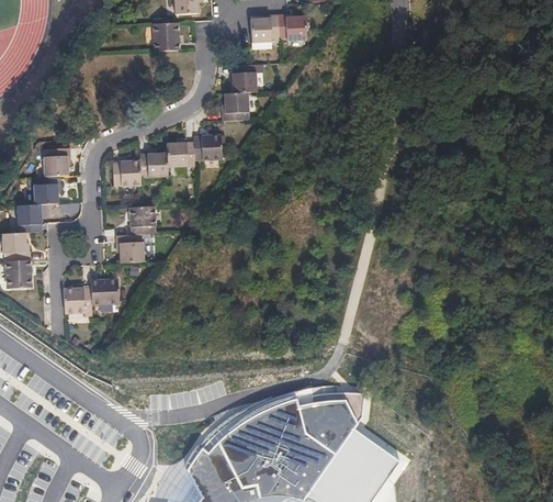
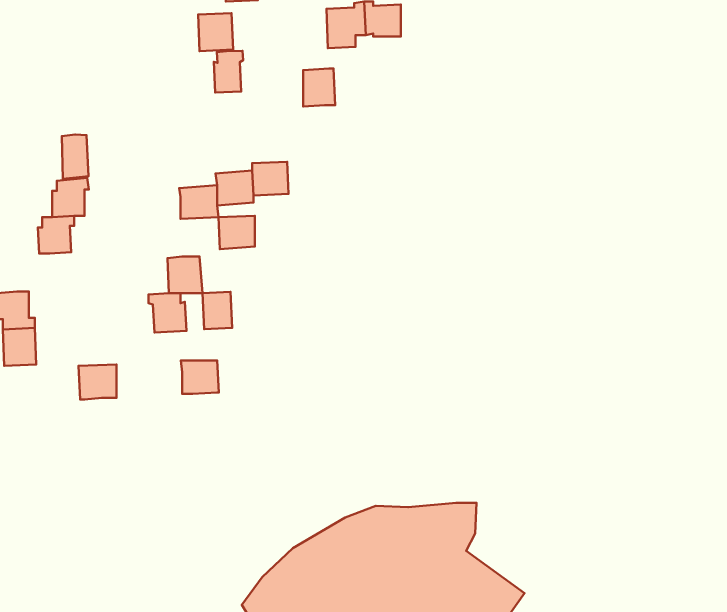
building: none -> [214,51,243,93]
building: [222,92,250,121] -> none
building: none -> [62,135,88,179]
building: [113,161,140,187] -> [219,216,255,249]
building: [16,204,43,233] -> none
building: none -> [202,292,232,329]
building: [91,279,120,304] -> [181,360,219,394]

